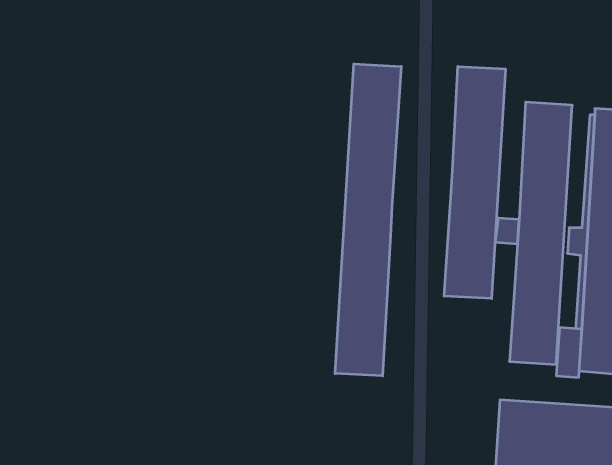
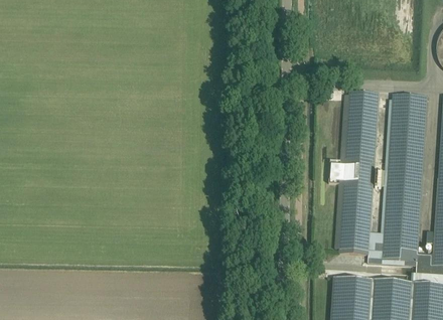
building: [335,64,401,376] -> none
building: [444,66,505,299] -> none

